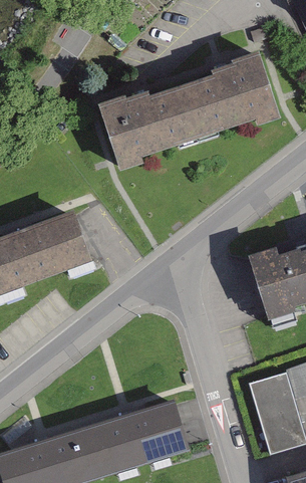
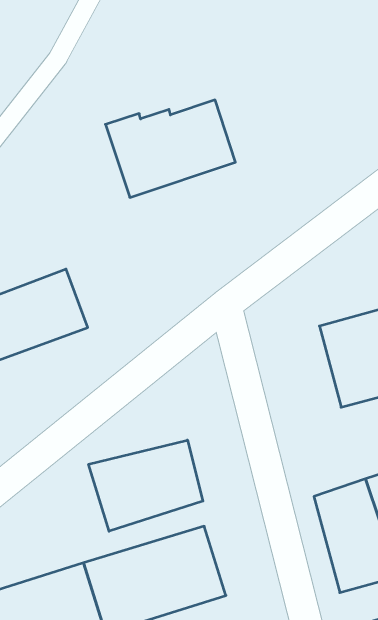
building: [179,55,272,135] -> none
building: none -> [89,440,203,531]

